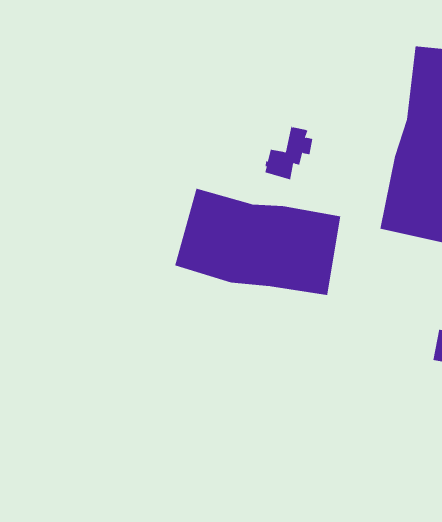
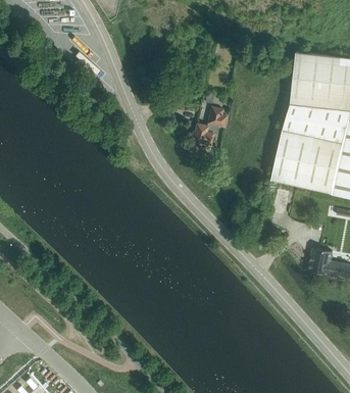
building: [175,188,341,296] -> none

